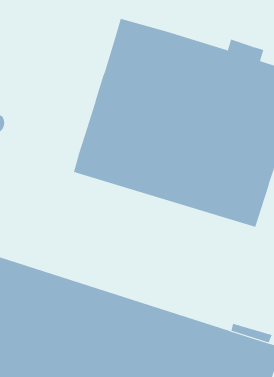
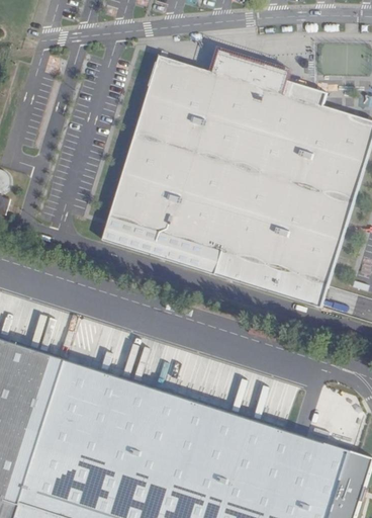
building: none -> [213,49,292,94]

